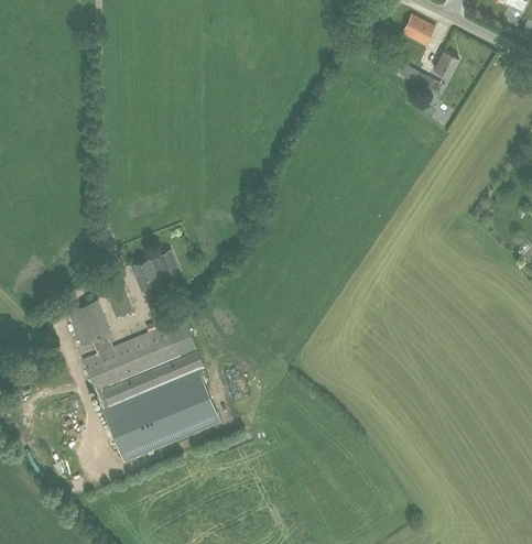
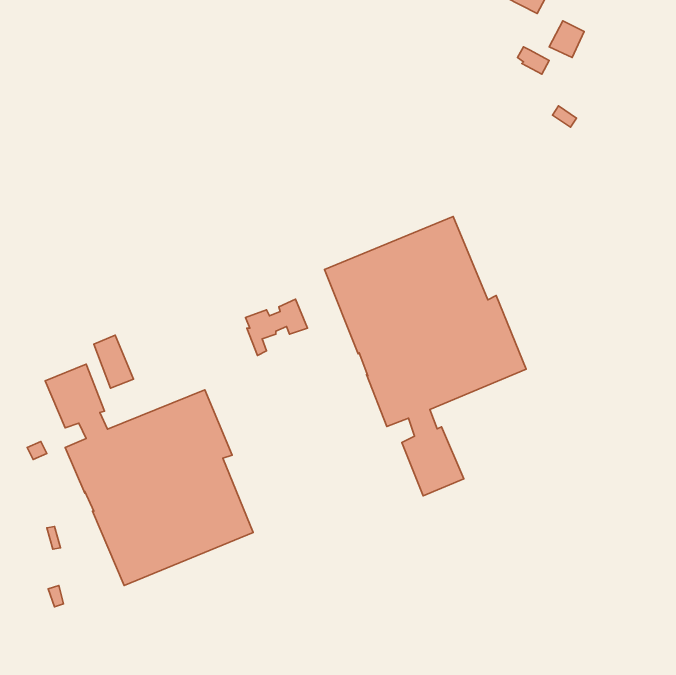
building: none -> [325,217,526,496]
building: [133,250,178,291] -> [245,299,308,355]

